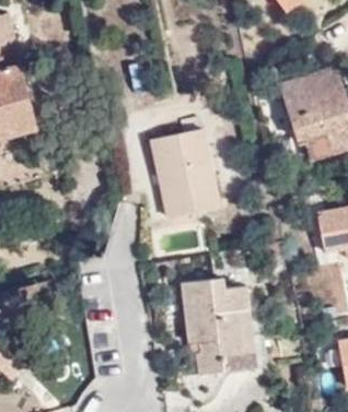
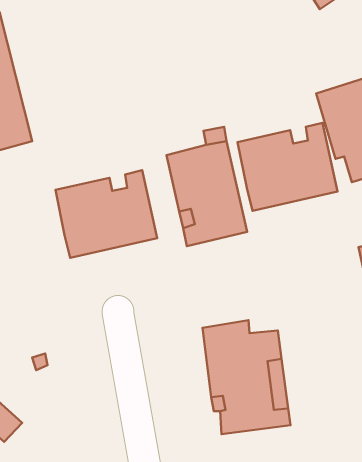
building: none -> [238,123,338,211]
building: none -> [55,170,157,258]

